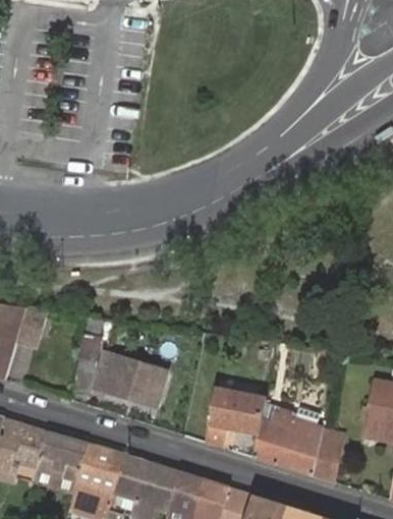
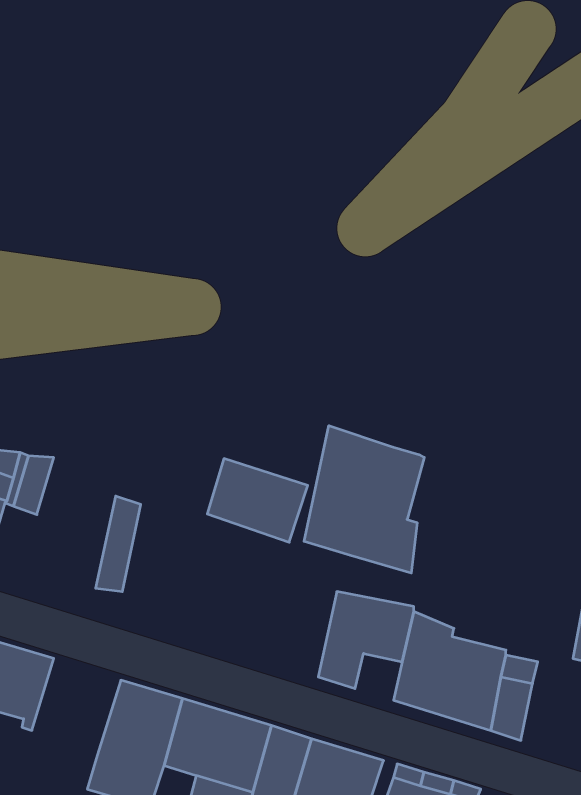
building: none -> [304,426,424,573]
building: [108,355,169,406] -> [207,459,308,542]
building: [35,431,90,491] -> none

